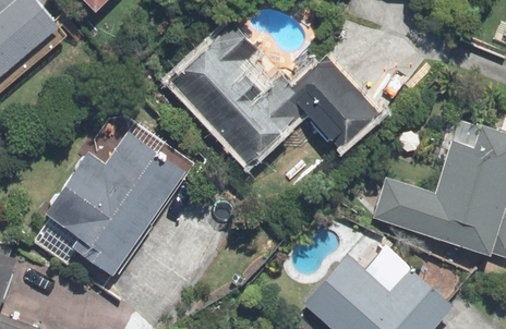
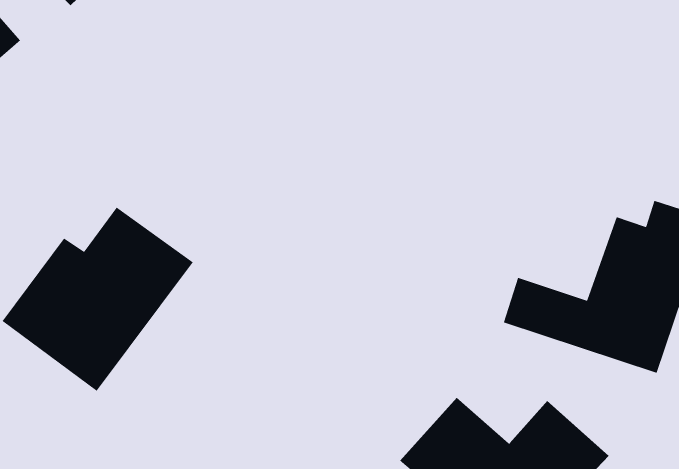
building: [174,34,368,159] -> none

